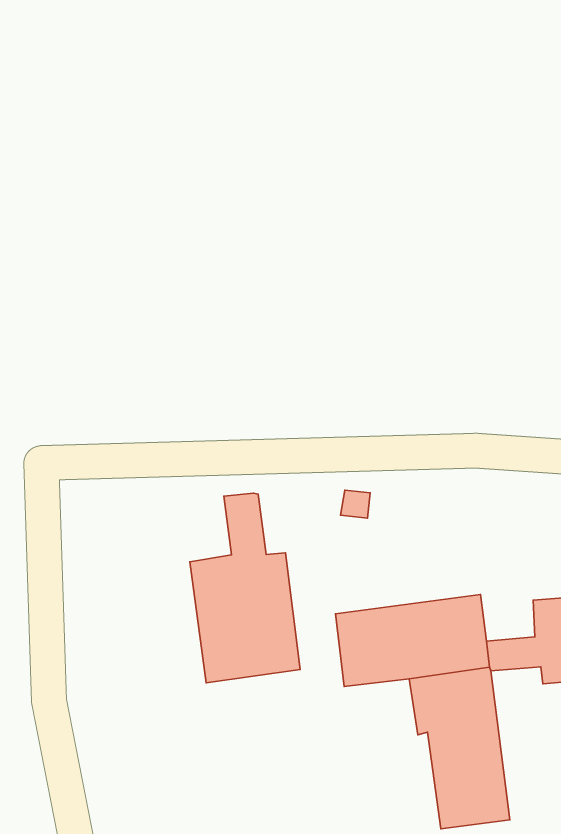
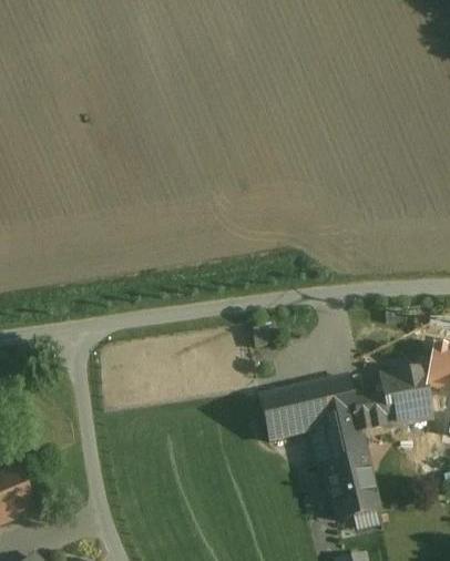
building: [190,493,300,683] -> none

